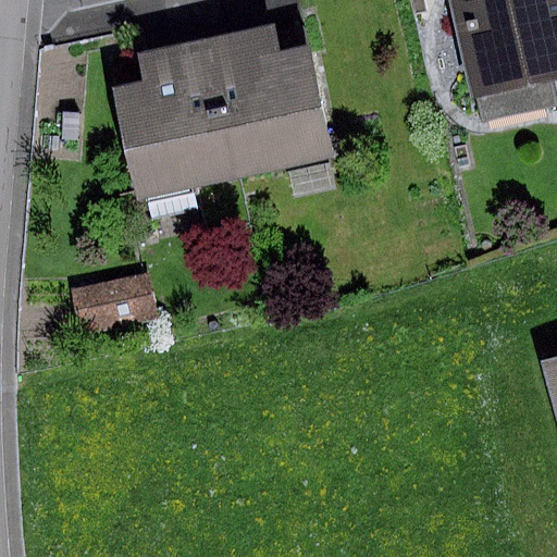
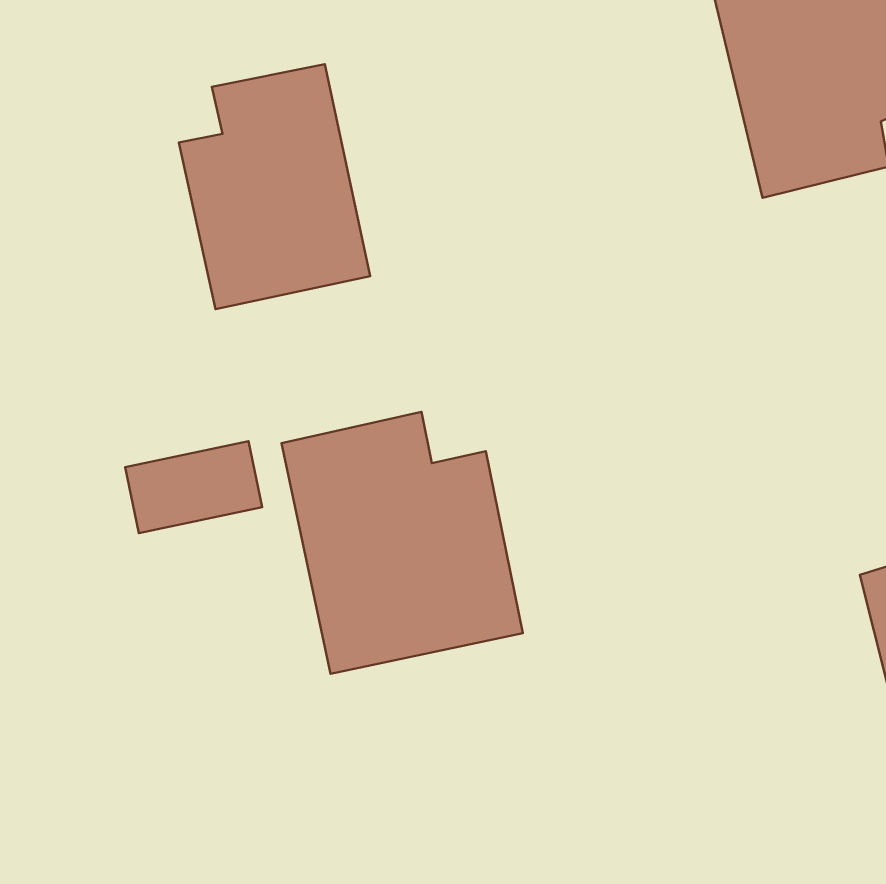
building: [205,25,330,173] -> none
building: none -> [282,412,523,674]

